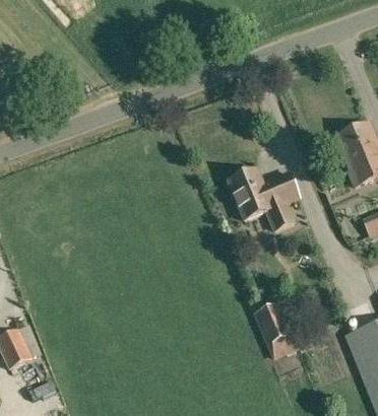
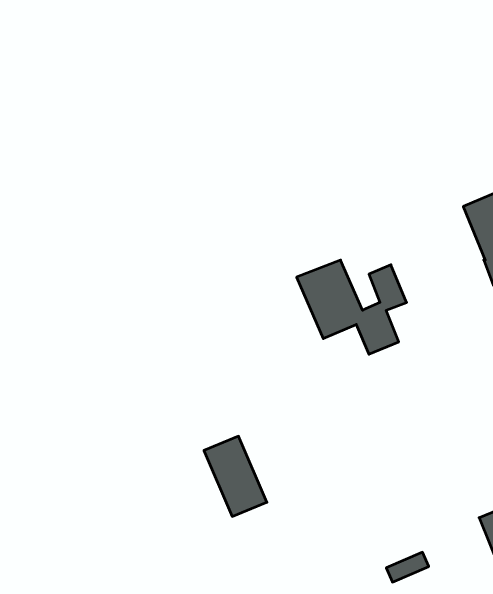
building: [255,303,296,355] -> [204,436,267,516]

